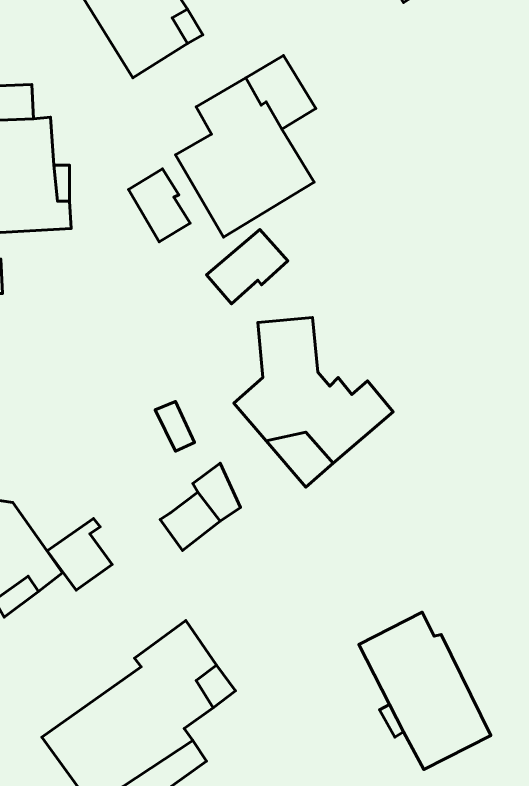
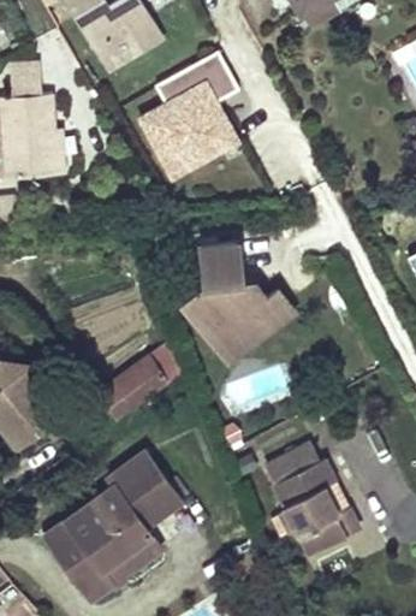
building: [129,169,190,242] -> none
building: [207,229,288,304] -> none
building: [47,518,112,590] -> [97,369,143,420]

